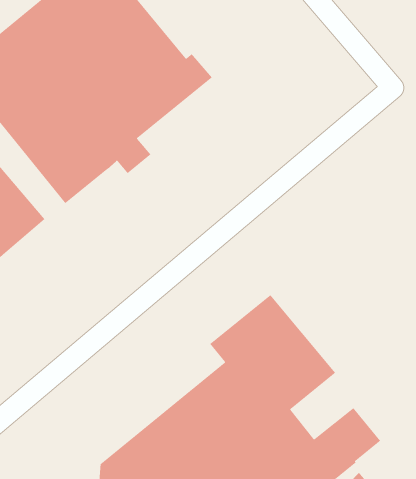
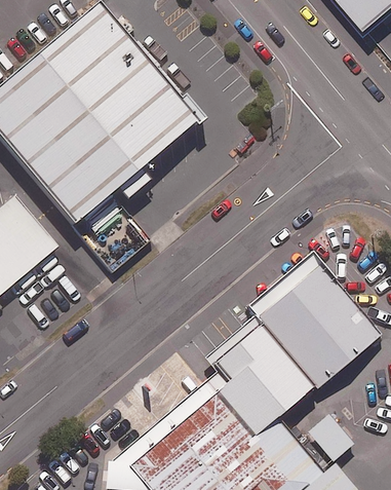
building: none -> [247,250,381,385]

